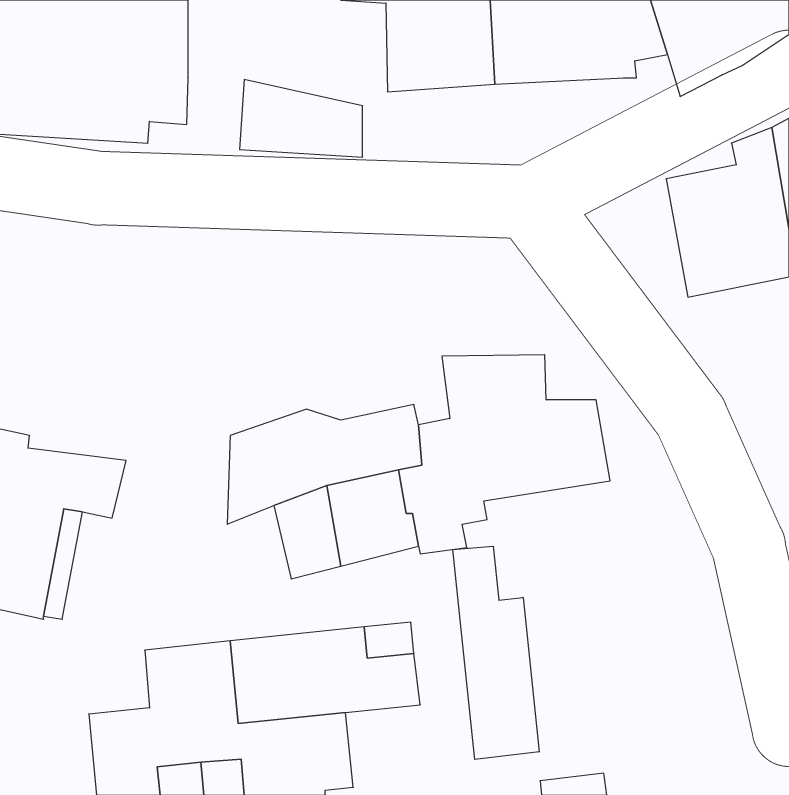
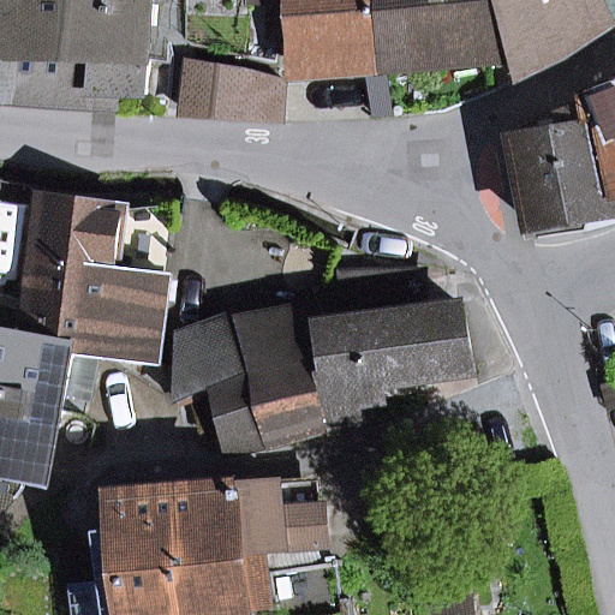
building: none -> [22,196,166,363]
building: [453,546,539,759] -> none

